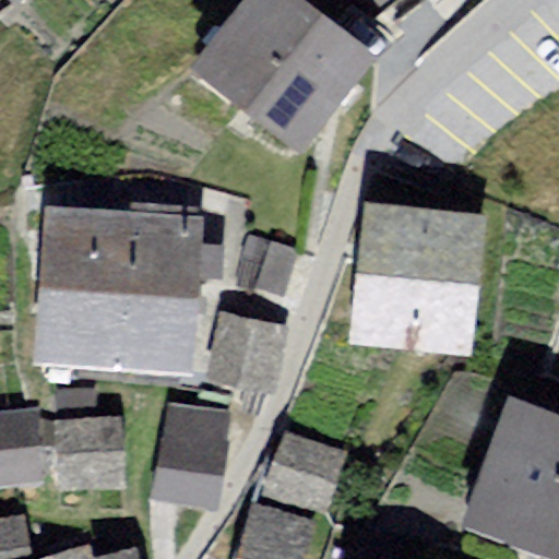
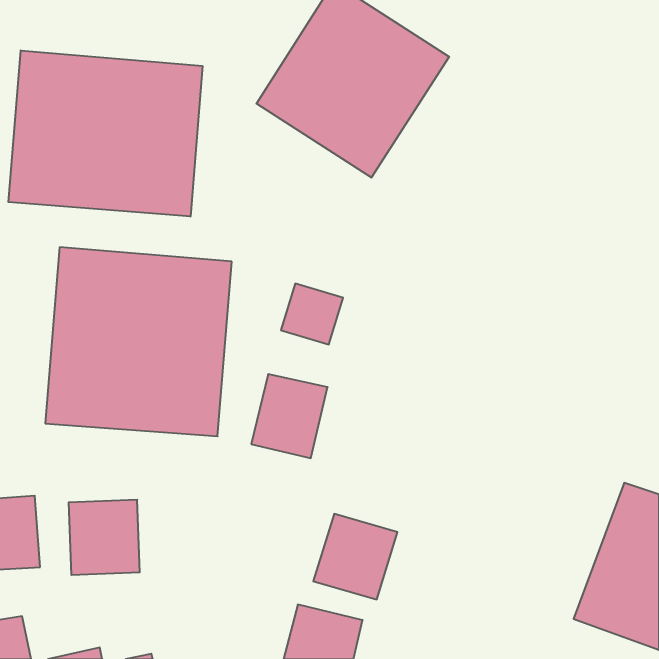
building: none -> [8,50,202,217]
building: [364,212,469,341] -> none
building: [154,404,221,500] -> none

